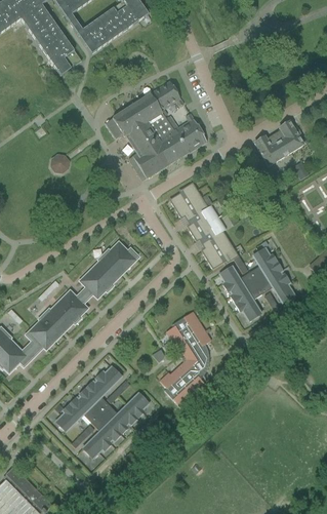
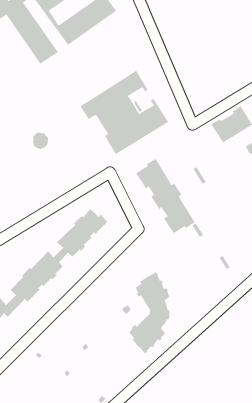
building: [218,247,296,322] -> none
building: [57,365,150,457] -> none

